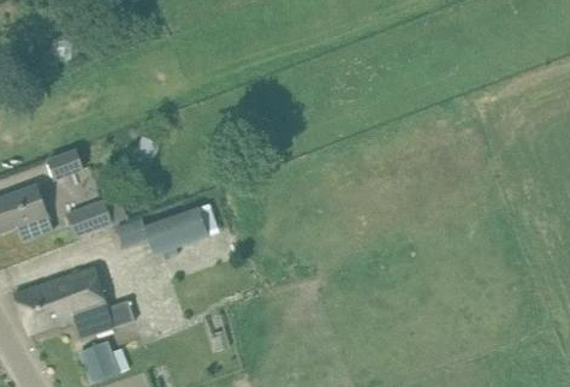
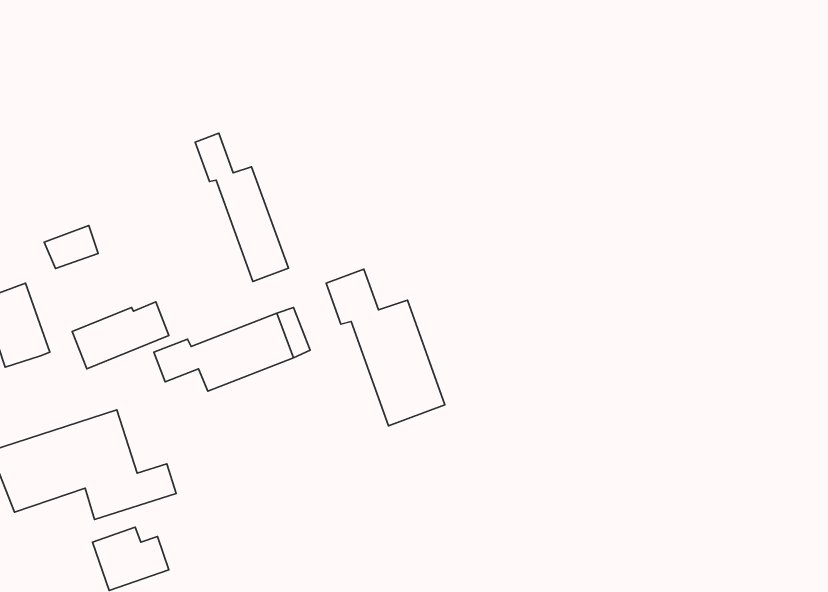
building: none -> [195,133,289,282]
building: none -> [326,269,445,426]

